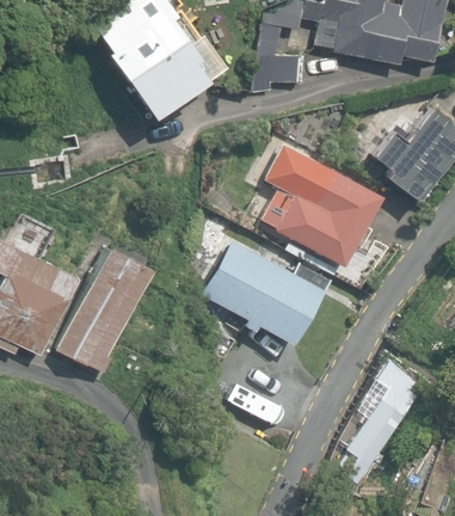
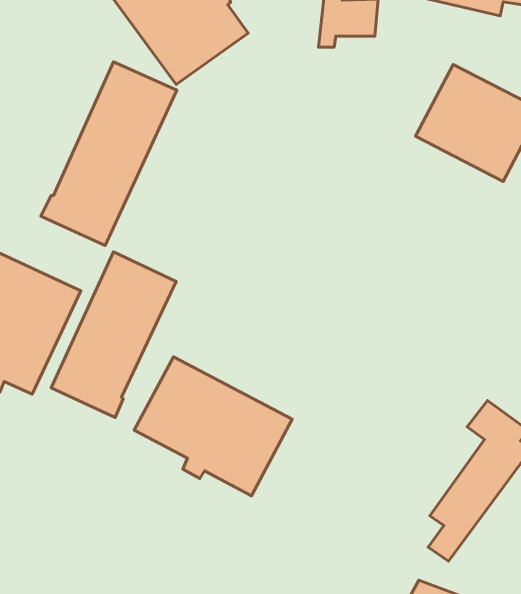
building: none -> [41,62,177,246]
building: [262,150,383,266] -> none
building: [203,240,324,346] -> [134,357,292,496]

